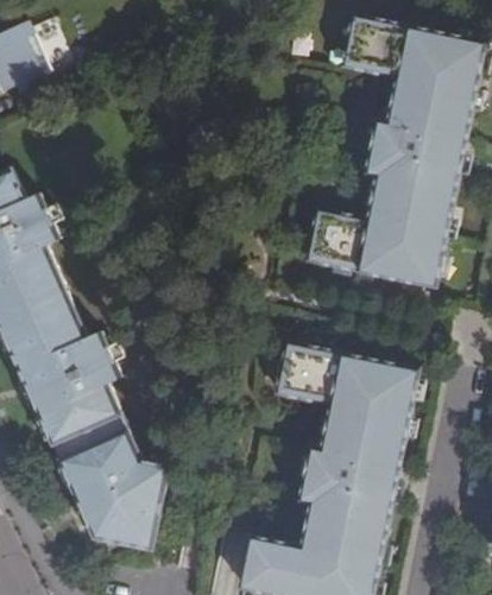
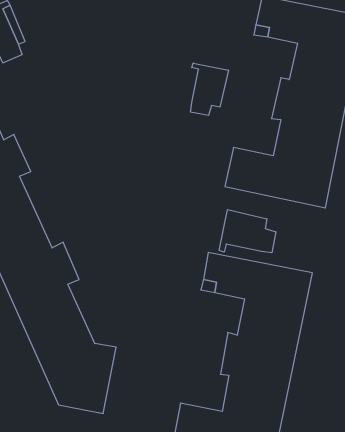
building: none -> [191,63,228,115]
building: none -> [219,210,276,253]

